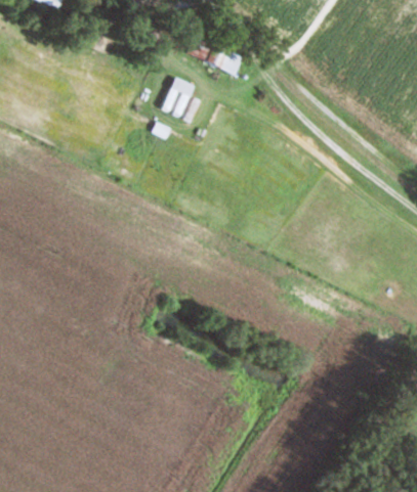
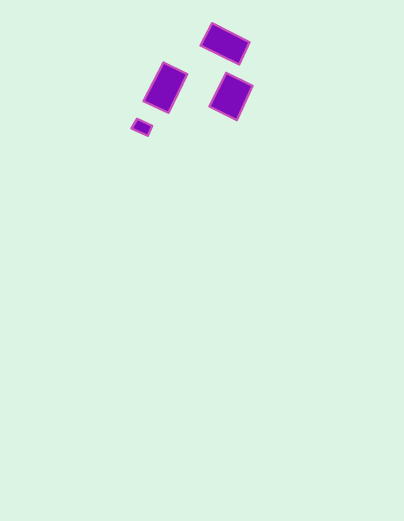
building: none -> [210,73,252,120]

